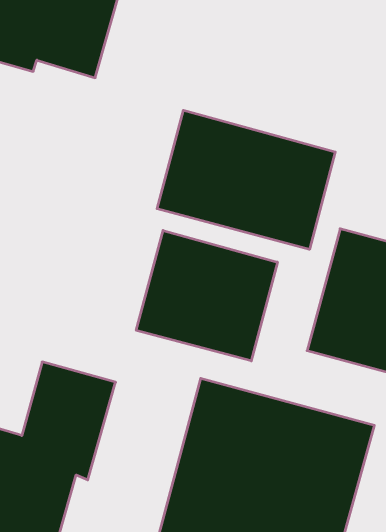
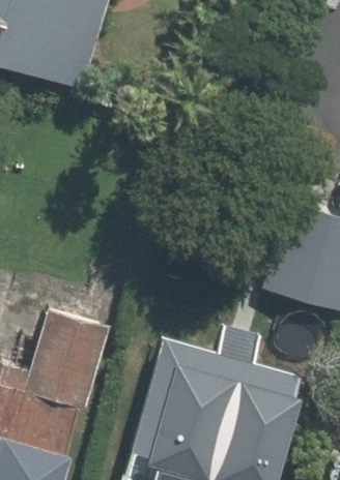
building: [157,110,335,249] -> none
building: [136,230,277,361] -> none

